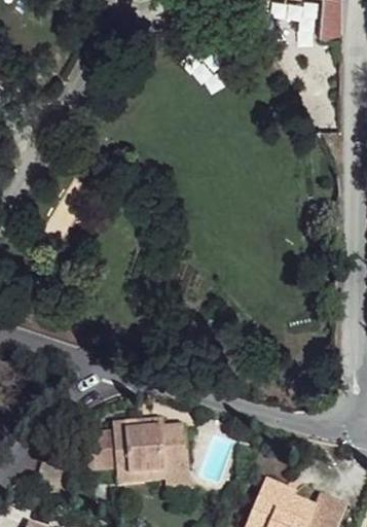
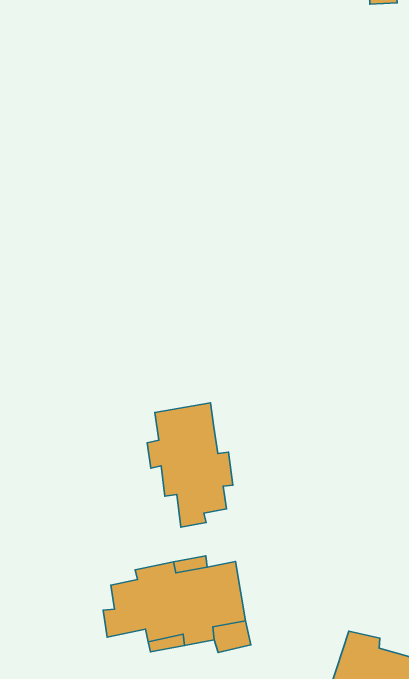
building: none -> [147,403,233,527]

